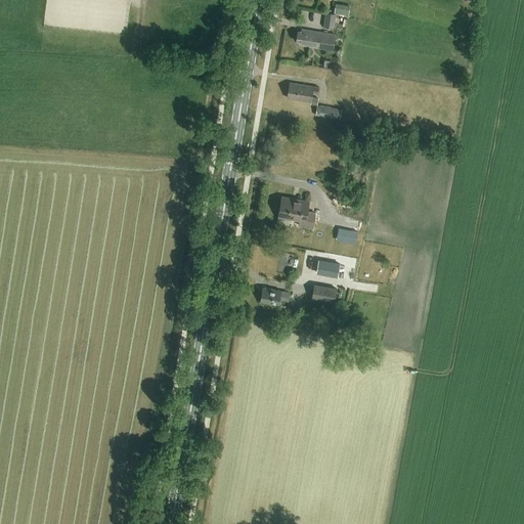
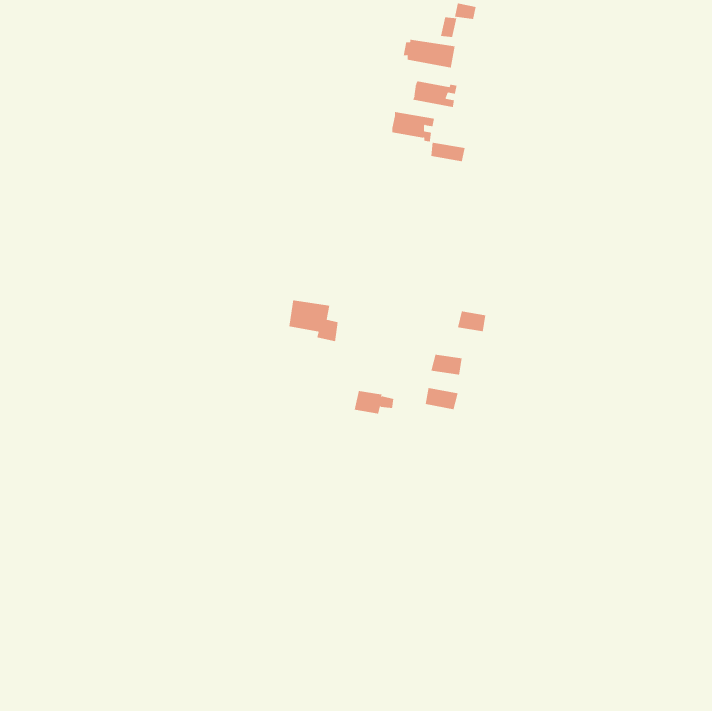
building: none -> [412,81,457,108]
building: [278,196,315,227] -> [288,300,339,342]

